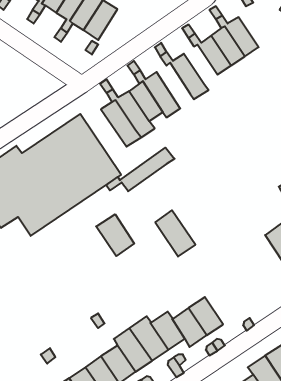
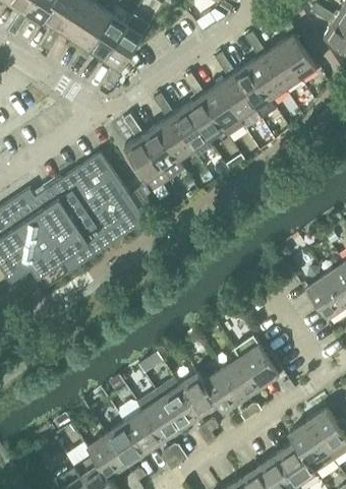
building: none -> [277,34,315,78]
building: none -> [216,75,253,119]
building: none -> [185,96,223,140]
building: [106,148,175,191] -> none
building: [155,210,195,257] -> [234,335,279,387]
building: [96,214,134,256] -> none

